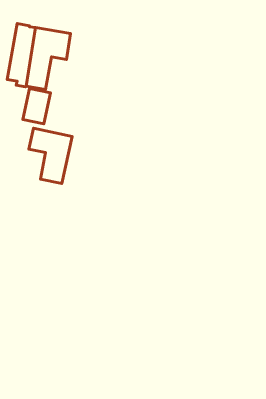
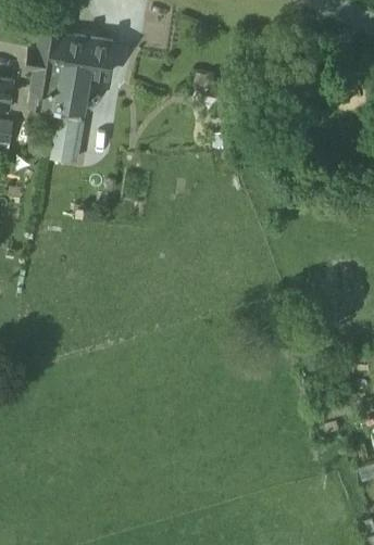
building: [29,128,72,183] -> none

